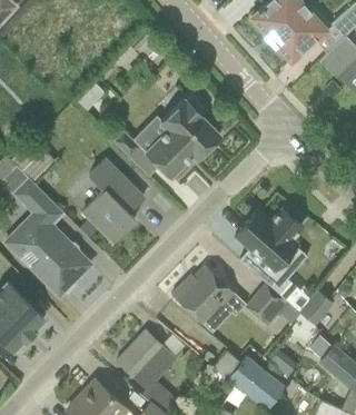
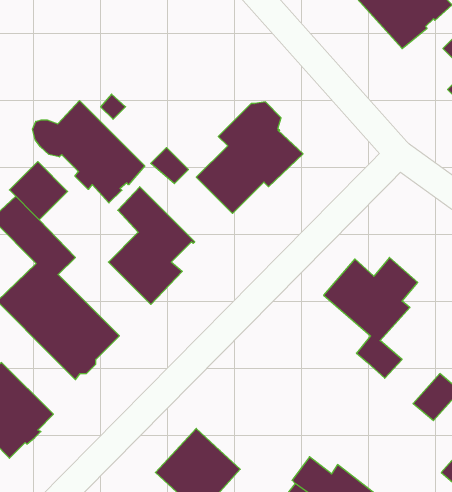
building: none -> [32,101,145,203]
building: [172,266,234,323] -> none
building: [245,284,288,327] -> none

